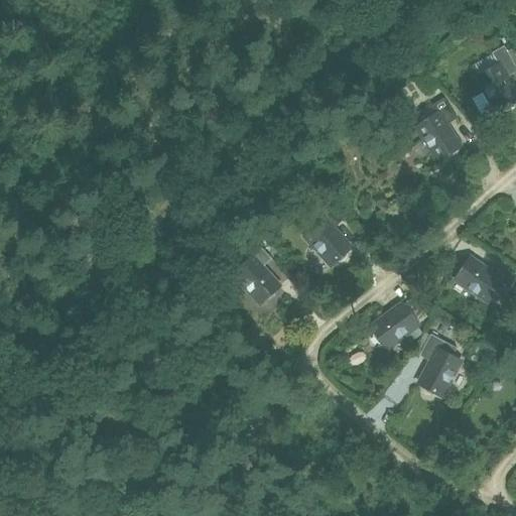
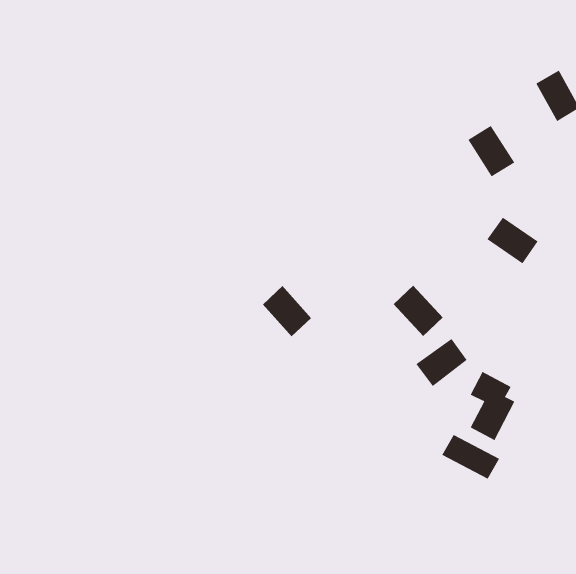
building: [305,217,351,263] -> [393,285,444,337]
building: [457,257,503,299] -> [487,217,539,264]
building: none -> [441,434,500,479]

